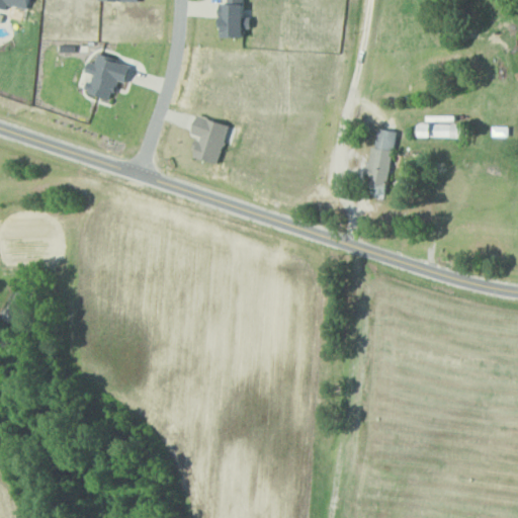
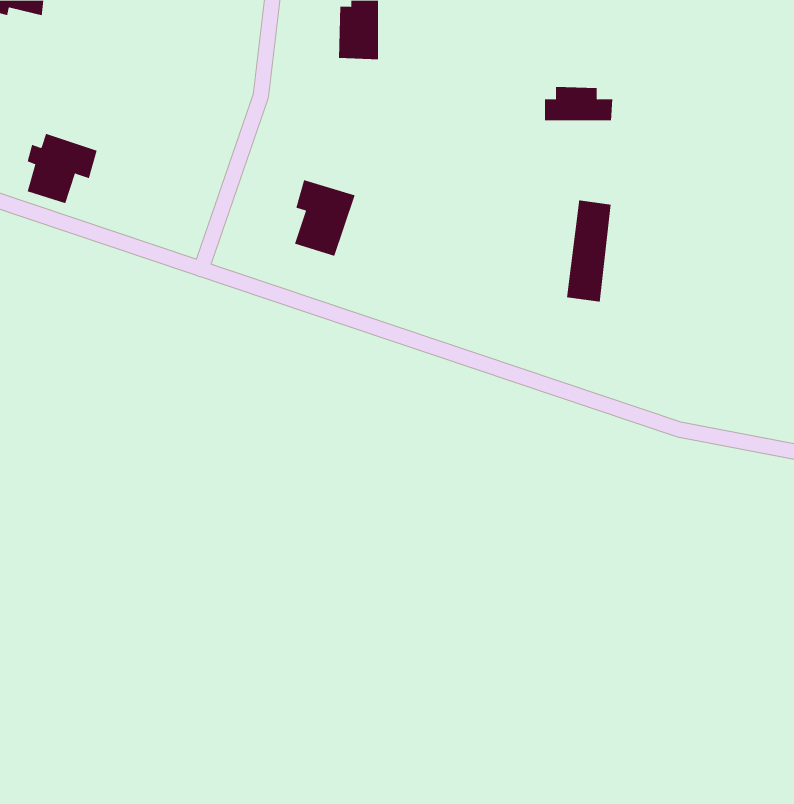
building: [85,55,131,100] -> [27,133,97,204]
building: [416,115,460,138] -> [544,86,613,121]

